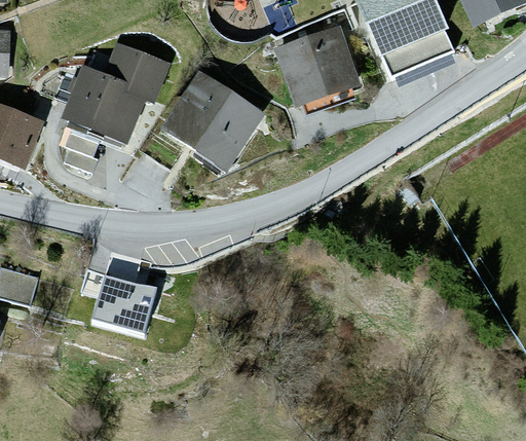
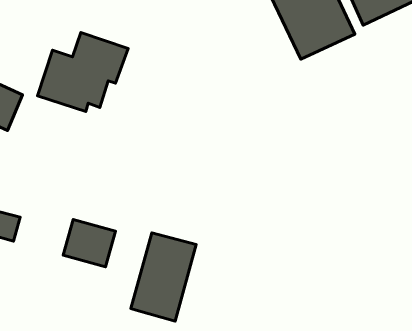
building: [275,26,358,104] -> none
building: [161,73,262,174] -> none
building: none -> [131,233,196,321]

